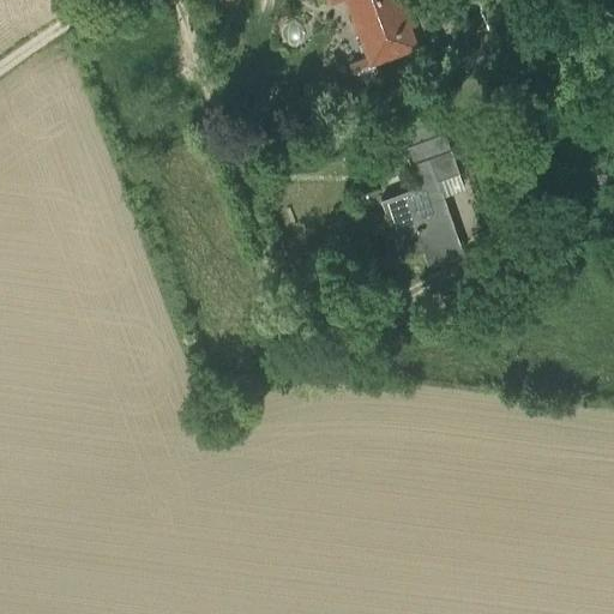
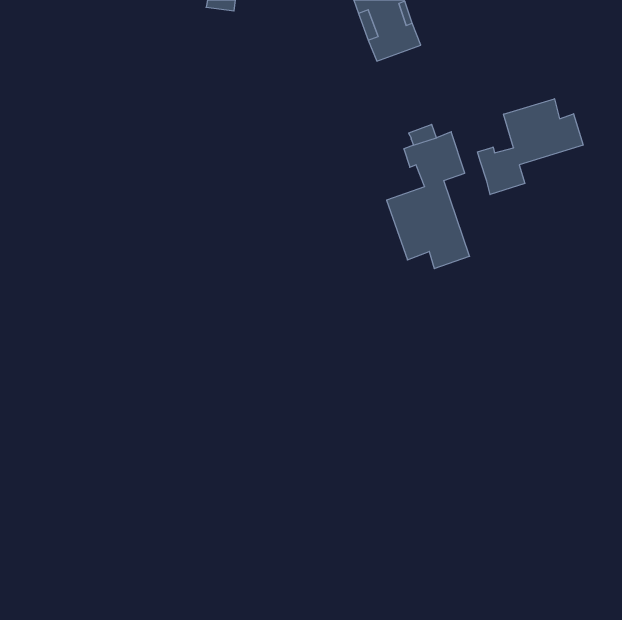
building: none -> [478,99,583,195]

